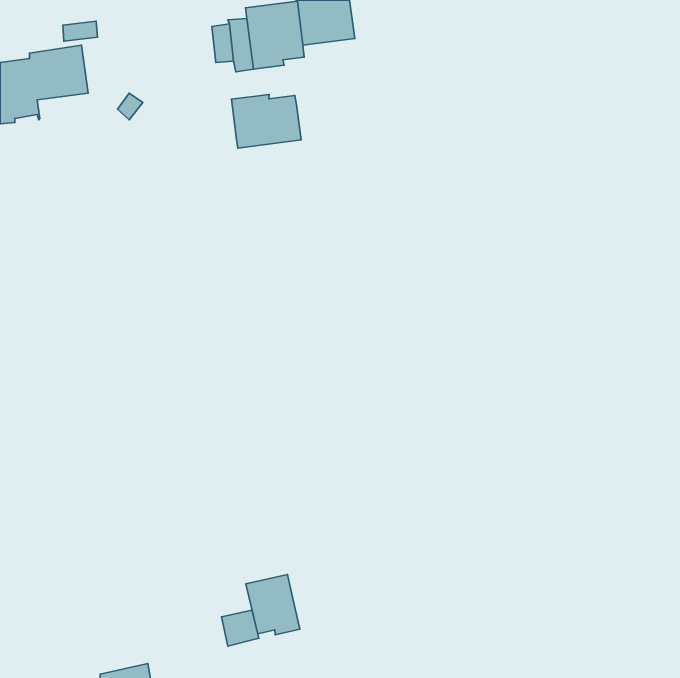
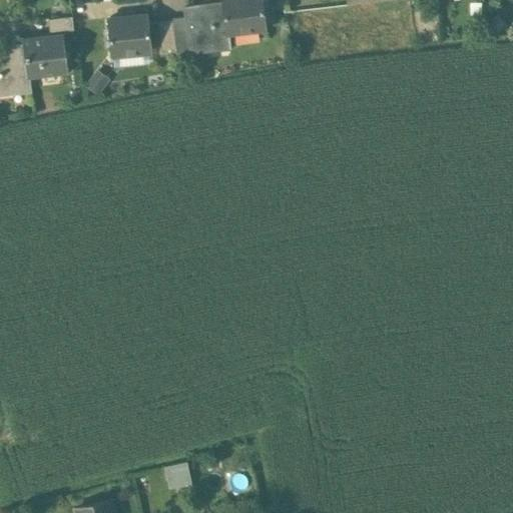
building: none -> [109,17,152,57]
building: [232,94,301,148] -> none
building: [246,574,300,635] -> none

